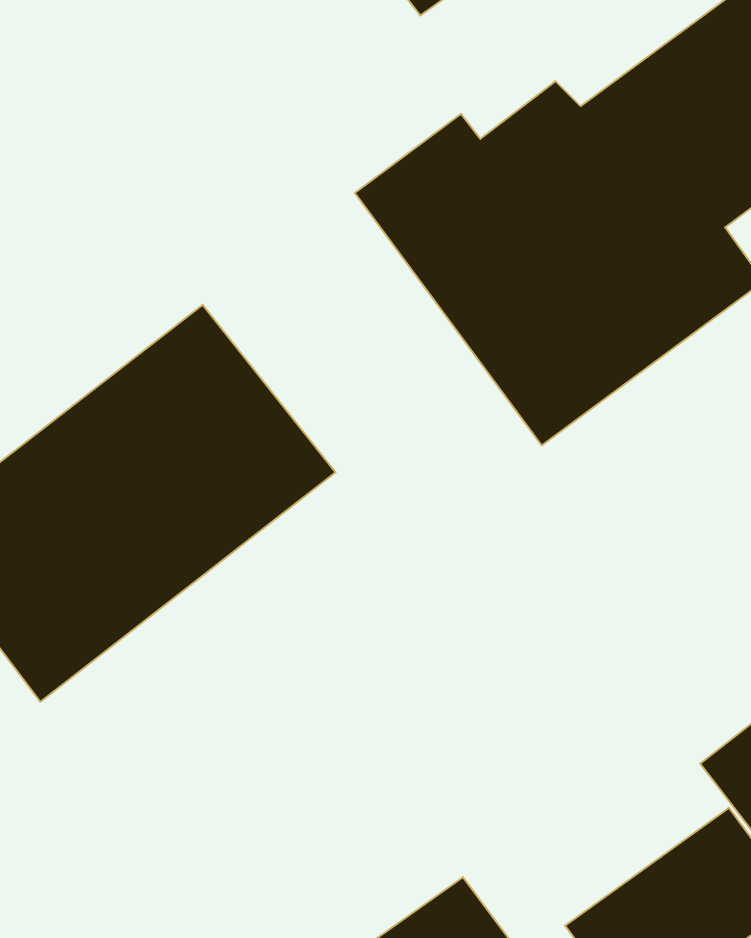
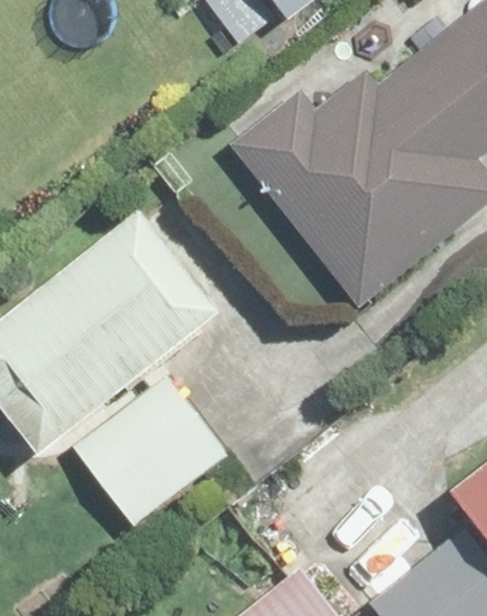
building: none -> [67,371,230,527]

